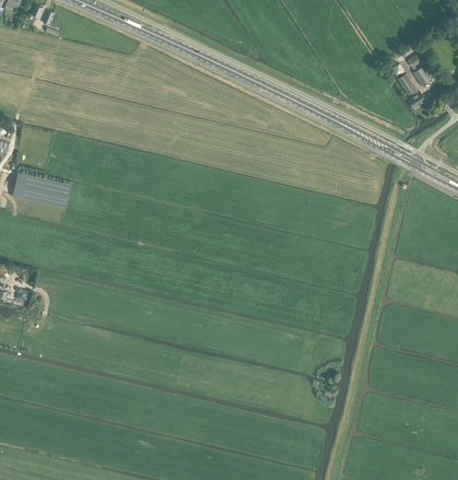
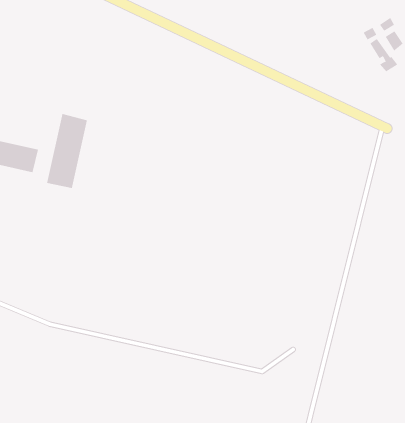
building: none -> [46,113,87,189]

